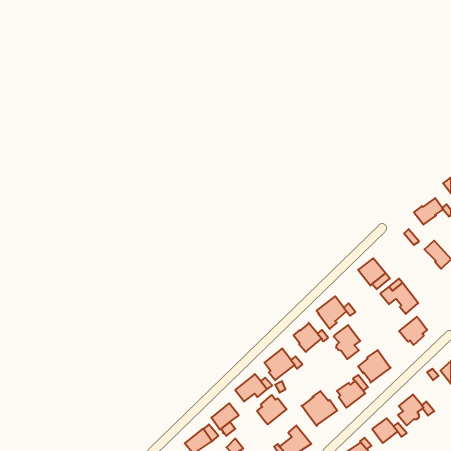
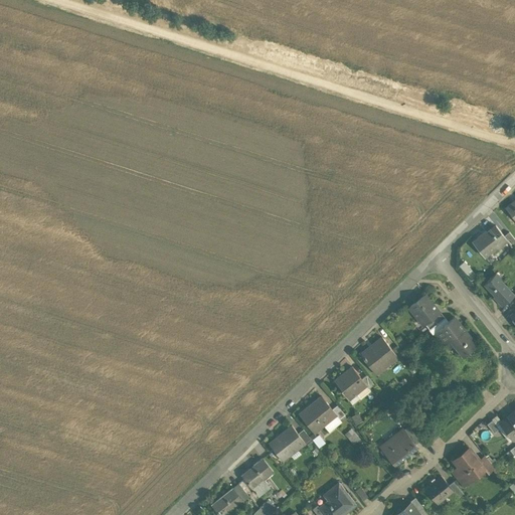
building: [399,317,427,345] -> none
building: [334,325,360,359] -> none
building: [358,350,391,383] -> none
building: [301,391,337,426] -> none
building: [257,395,287,424] -> none

